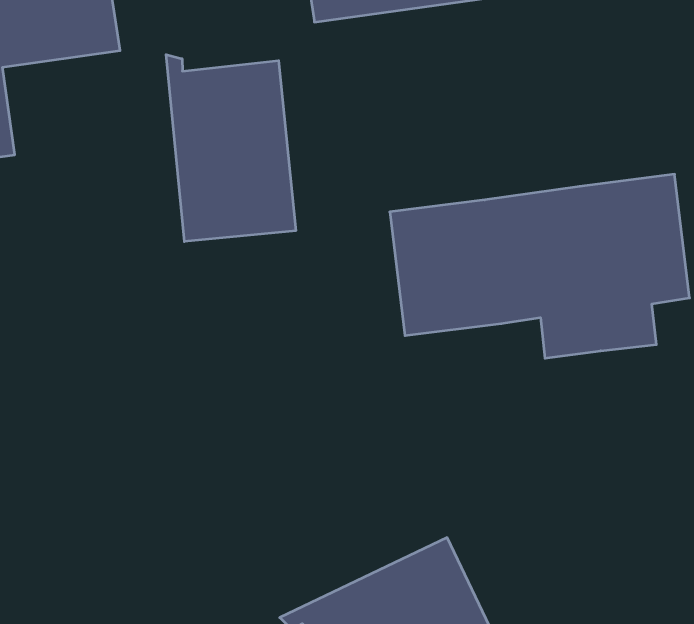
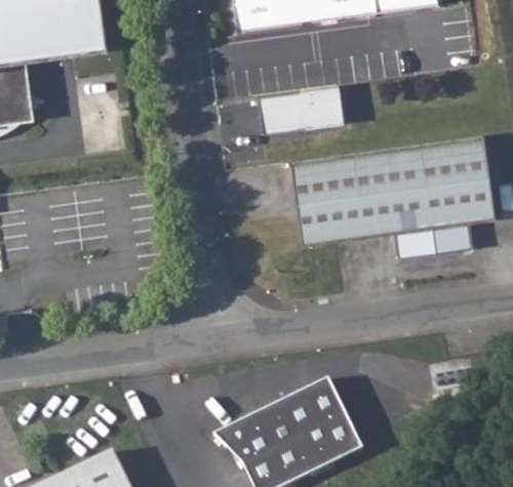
building: [166,55,296,242] -> none
building: none -> [263,85,349,131]

